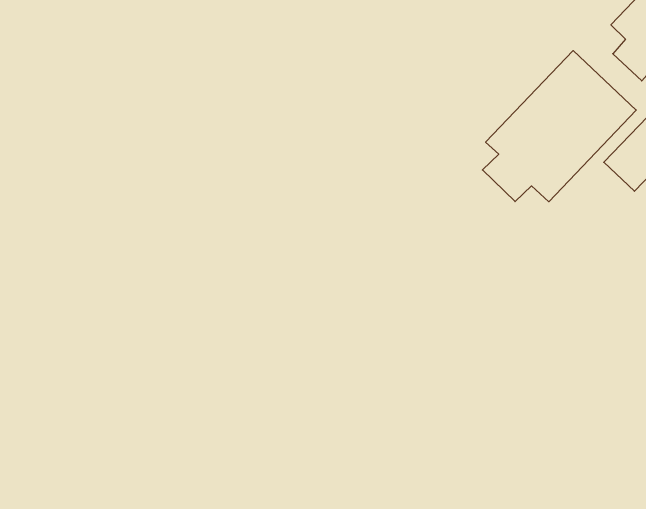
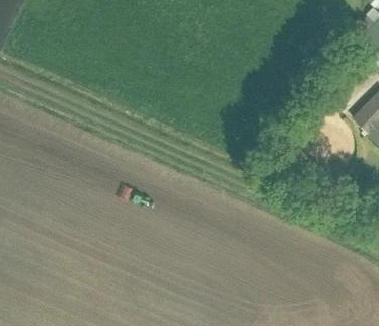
building: [482,51,636,202] -> none

